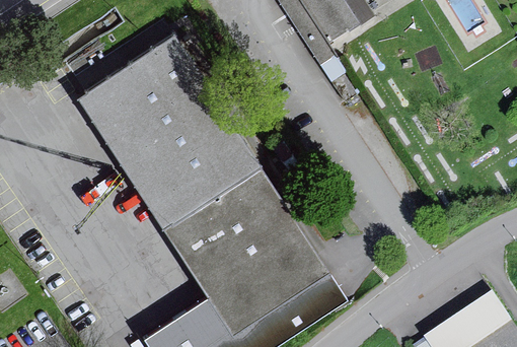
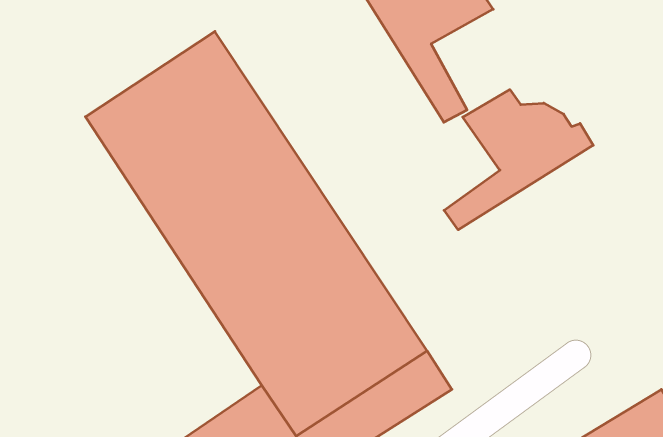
building: none -> [444,90,593,230]

